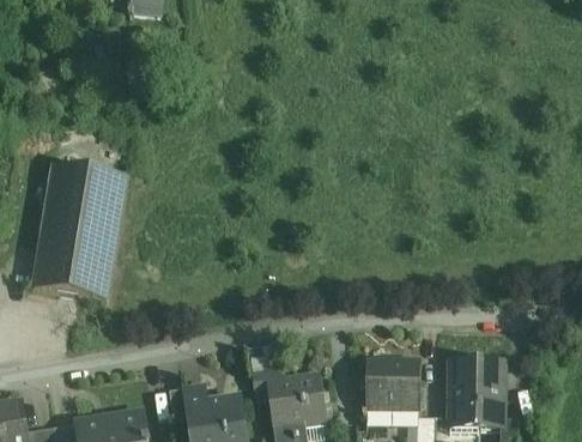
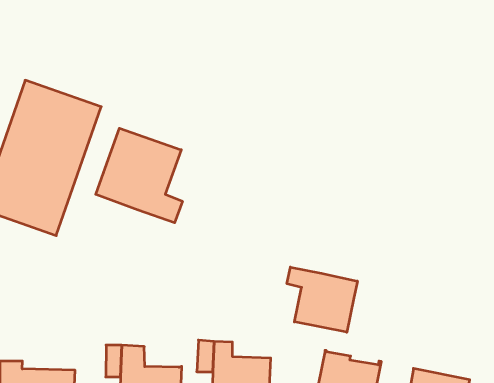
building: none -> [96,128,182,223]
building: none -> [287,267,357,332]

